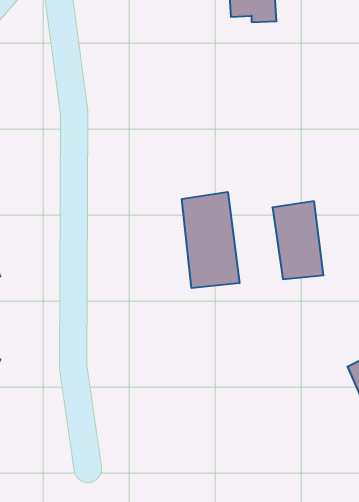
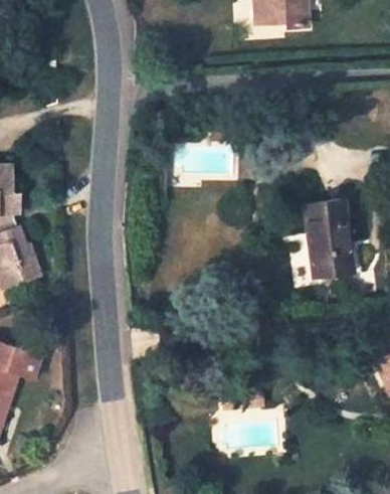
building: [182,192,239,288] -> none

